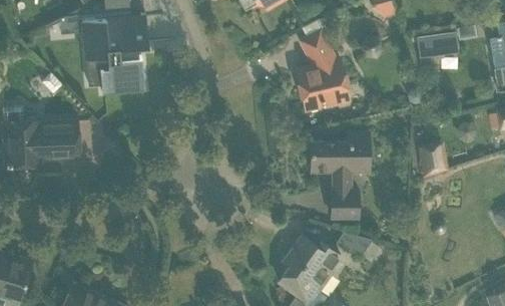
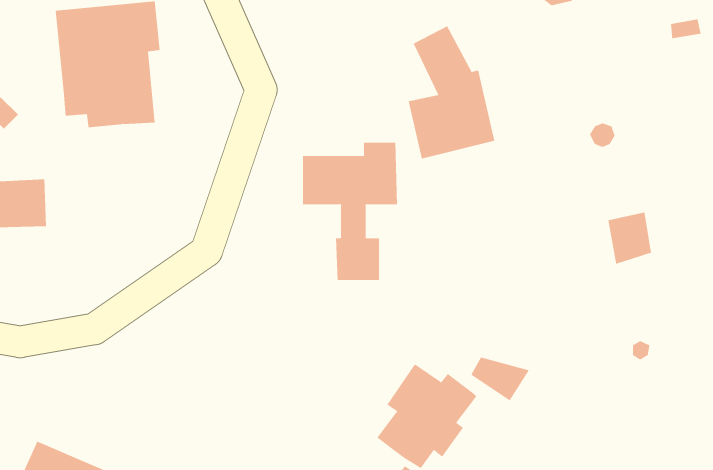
building: [416,32,456,73] -> none
building: [311,133,369,218] -> [302,142,398,281]

